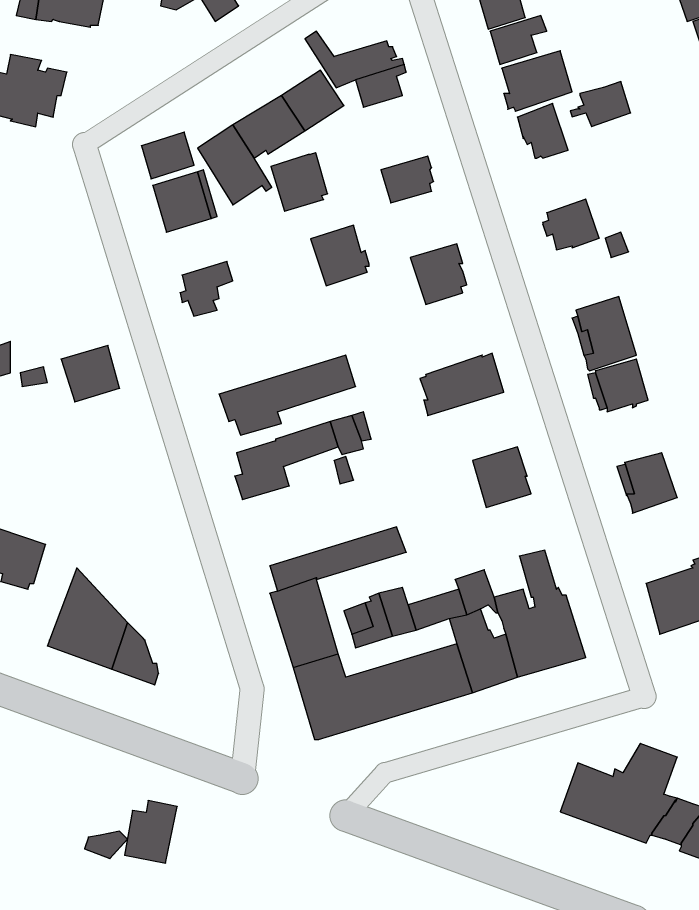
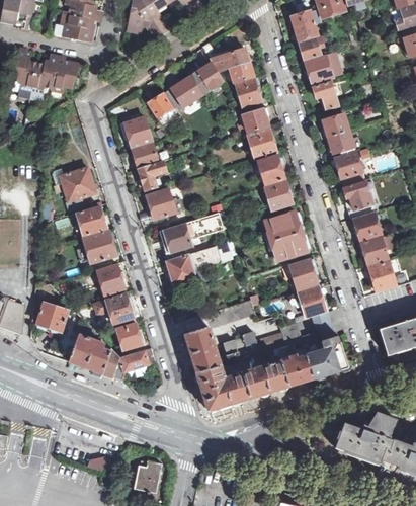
building: [570,82,631,127] -> [317,113,348,137]
building: [141,132,194,179] -> [130,144,157,168]
building: [271,153,328,211] -> [234,77,263,107]
building: [311,225,369,286] -> [247,128,277,159]
building: none -> [334,152,364,185]
building: none -> [60,167,95,200]
building: none -> [265,179,295,209]
building: none -> [143,188,175,220]
building: none -> [77,230,114,263]
building: none -> [266,230,312,260]
building: none -> [360,236,388,265]
building: none -> [96,264,127,294]
building: none -> [298,285,329,317]
building: none -> [105,292,136,324]
building: none -> [116,322,143,350]
building: none -> [119,347,159,375]
building: [125,801,177,863] -> [135,460,162,493]

